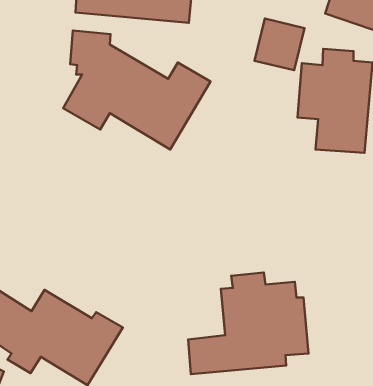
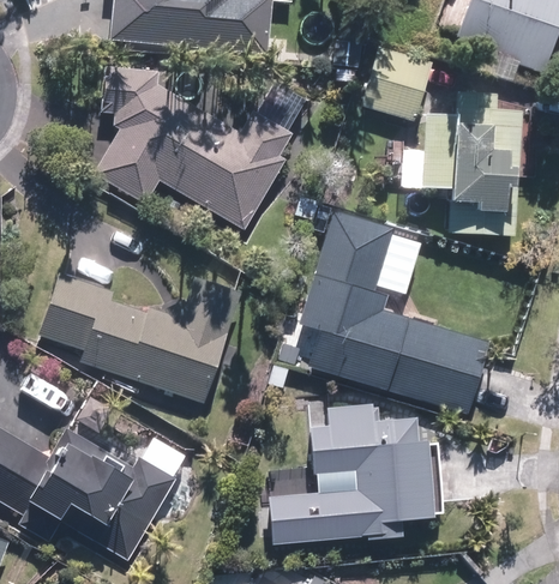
building: none -> [299,207,488,413]
building: none -> [41,273,241,402]

